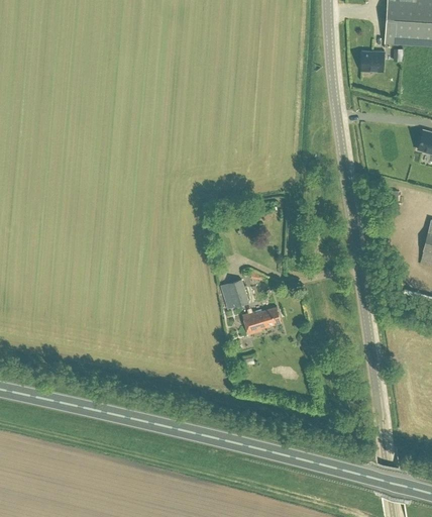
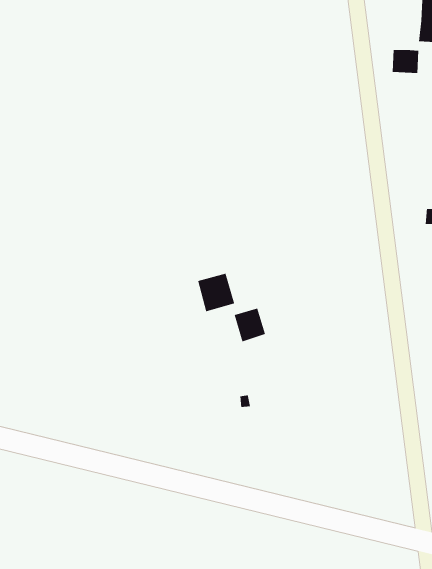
building: none -> [197,273,235,312]
building: [240,306,279,332] -> none

